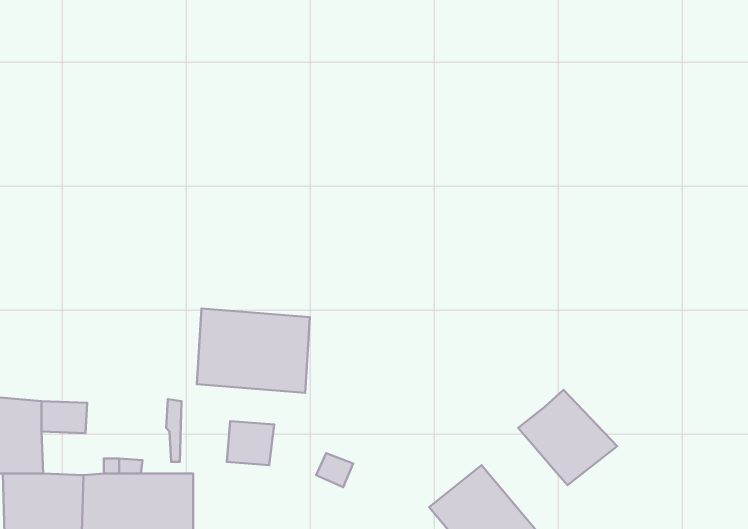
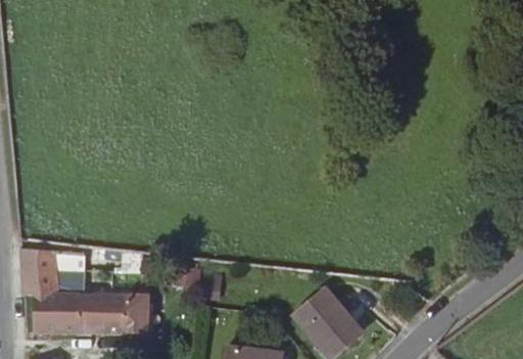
building: [197,308,310,393] -> none
building: [518,390,617,485] -> none

